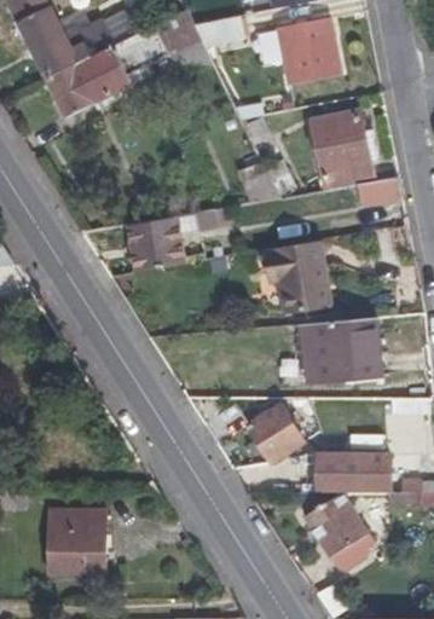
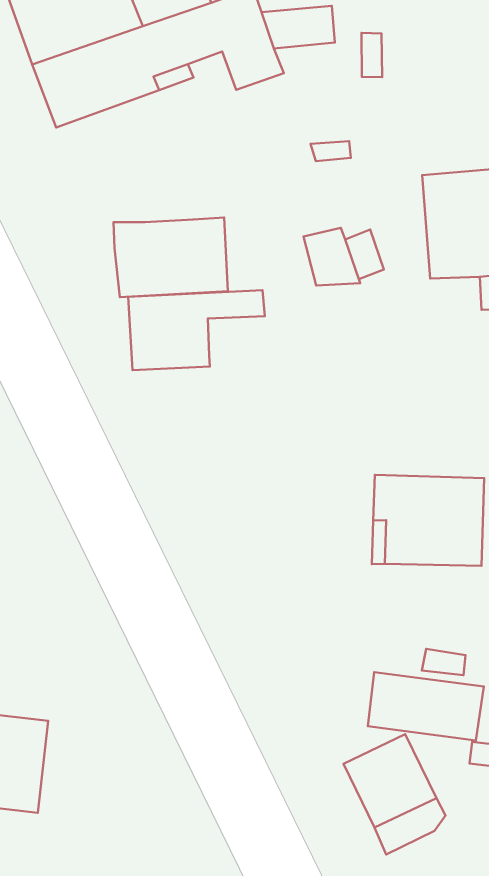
building: [276,17,341,85] -> none
building: none -> [114,218,228,297]
building: [268,239,331,314] -> none
building: [248,405,303,462] -> none

